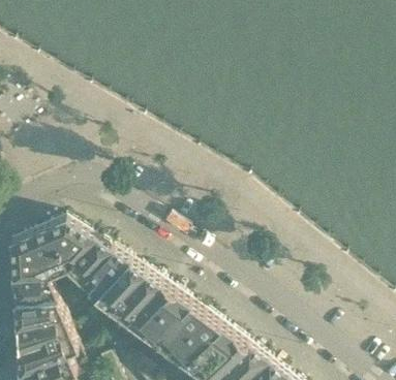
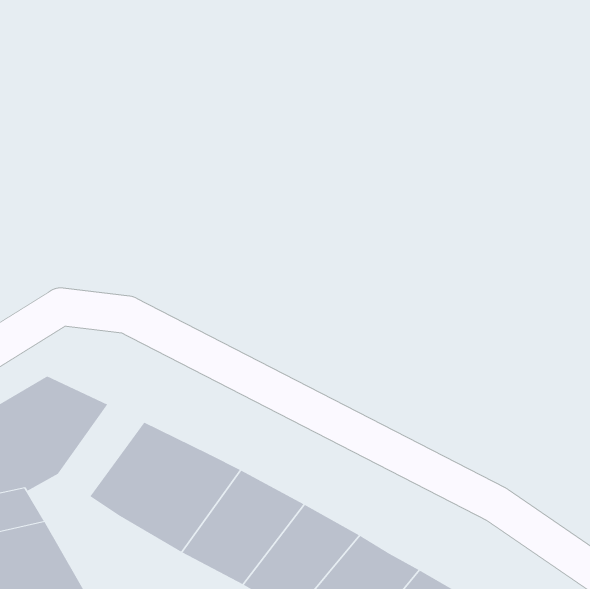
building: [58,239,105,285] -> none

